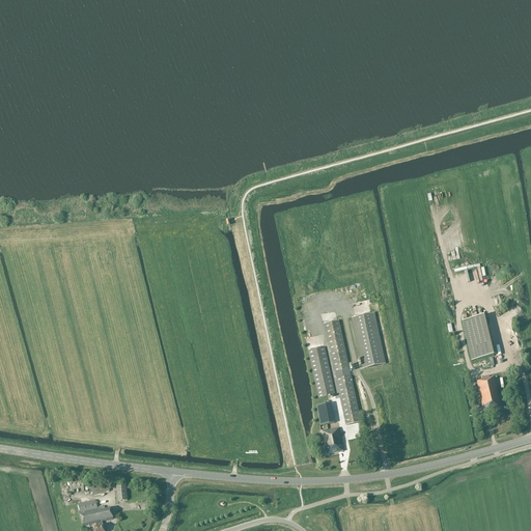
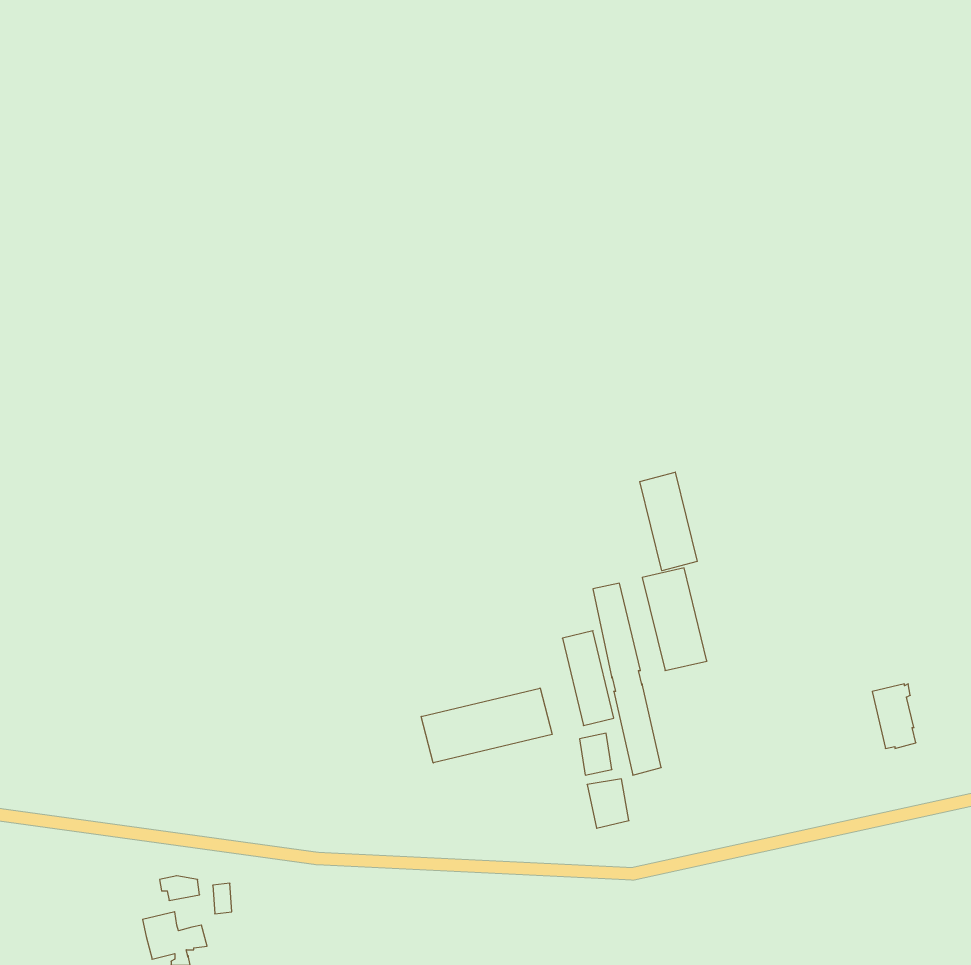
building: none -> [640,472,697,571]
building: [462,313,493,358] -> none
building: none -> [421,688,552,763]

